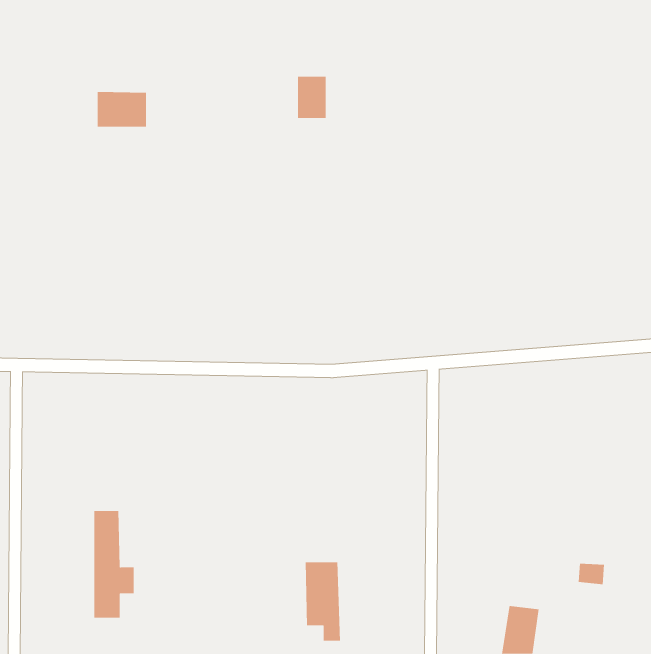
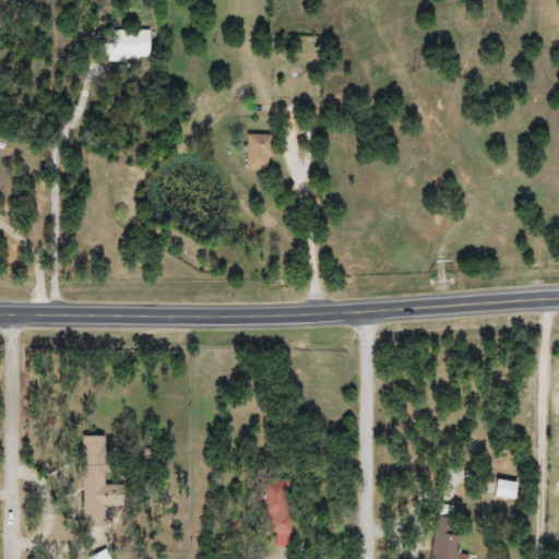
building: [297,76,327,118] -> [247,135,272,171]
building: [97,91,147,127] -> [107,29,150,60]

